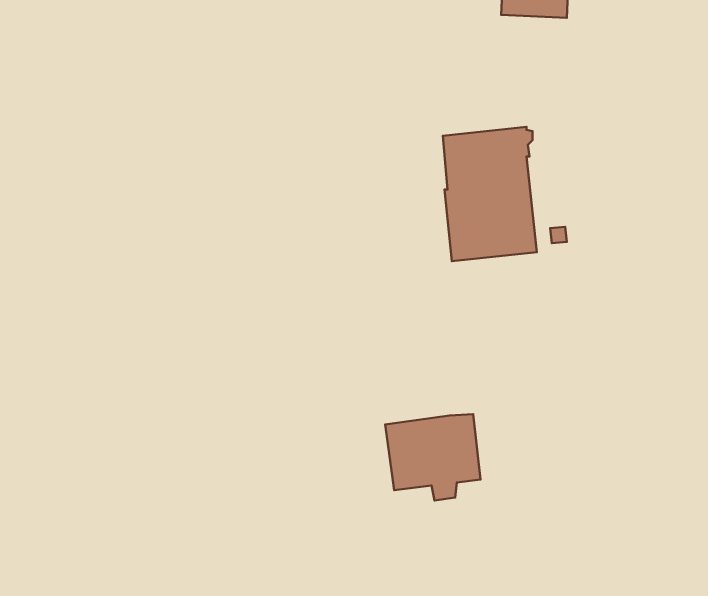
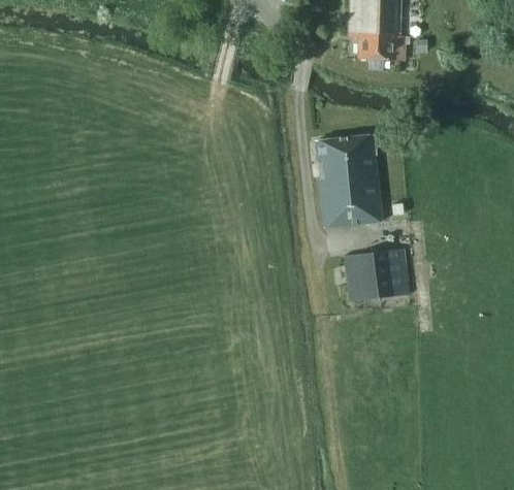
building: [385,414,481,501] -> [344,249,410,308]

